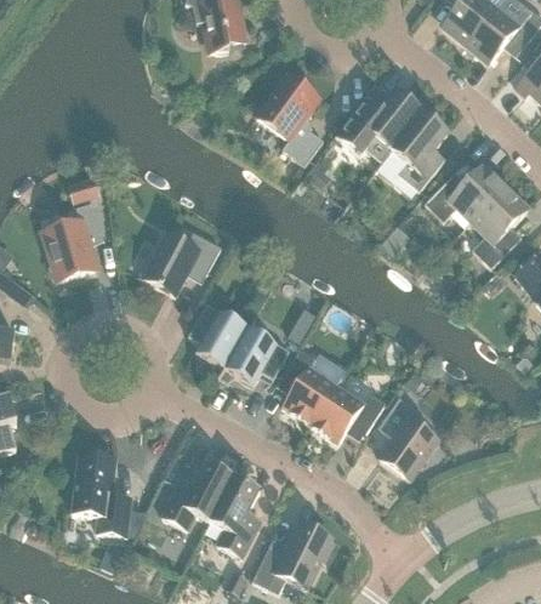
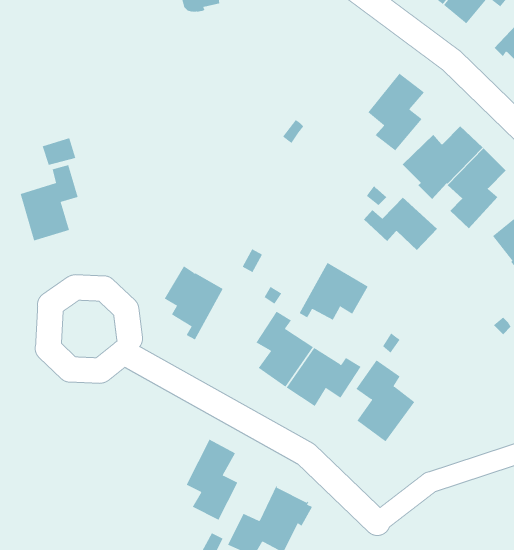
building: [256,72,323,164] -> none
building: [334,90,422,155] -> none
building: [142,230,221,294] -> none
building: none -> [363,197,438,251]
building: [220,325,289,383] -> [299,262,368,321]
building: [72,452,131,534] -> none
building: [161,461,233,528] -> none

